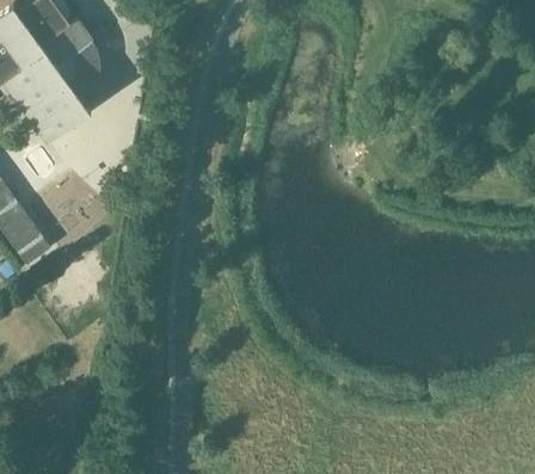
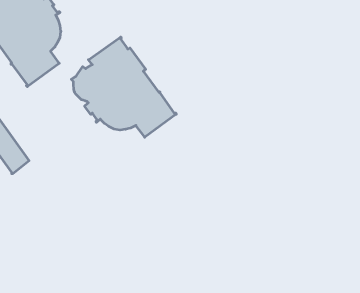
building: none -> [71,37,176,137]

